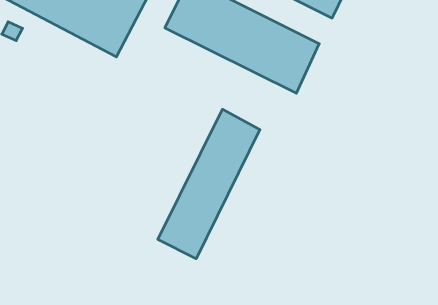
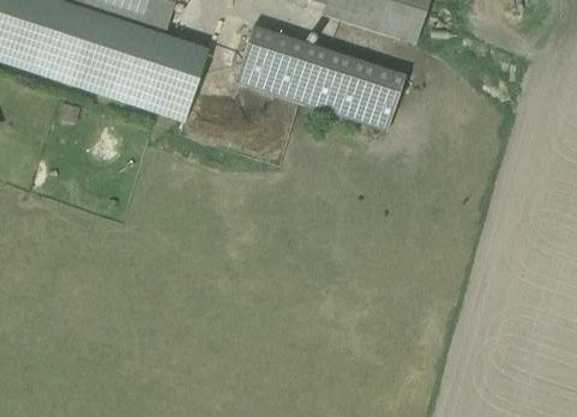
building: [158,109,260,259] -> none

